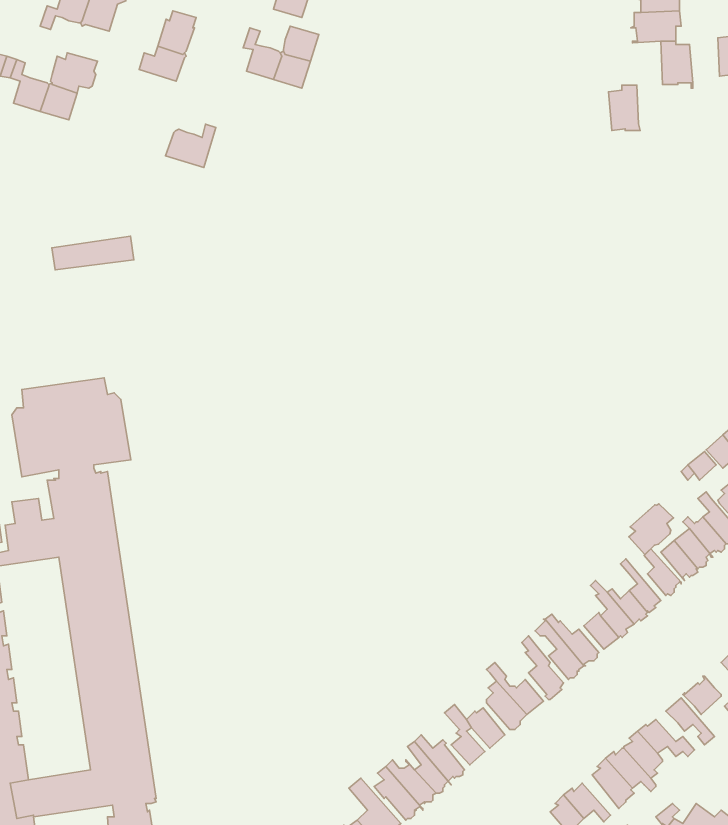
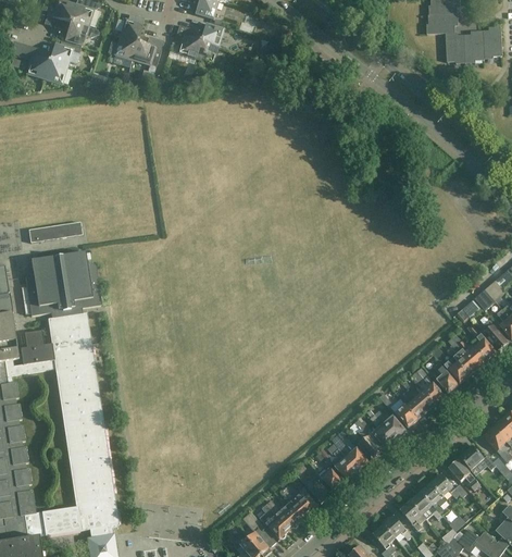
building: none -> [64,22,99,45]
building: [608,85,640,131] -> [463,30,484,60]
building: [165,124,216,168] -> [130,38,163,66]
building: [52,236,134,270] -> [28,221,82,243]
building: [629,504,673,555] -> none

